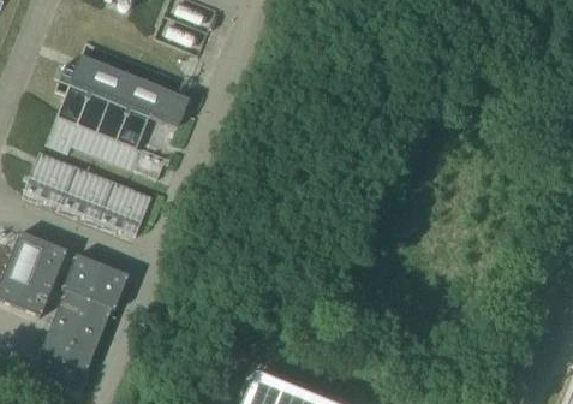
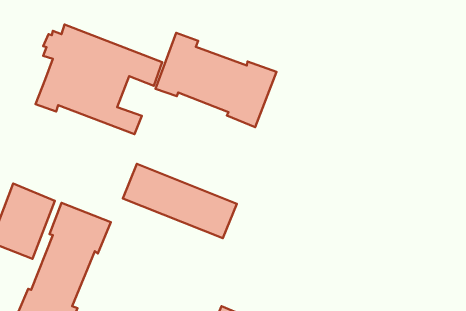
building: none -> [156,33,277,127]
building: [25,153,153,236] -> [123,164,237,238]

